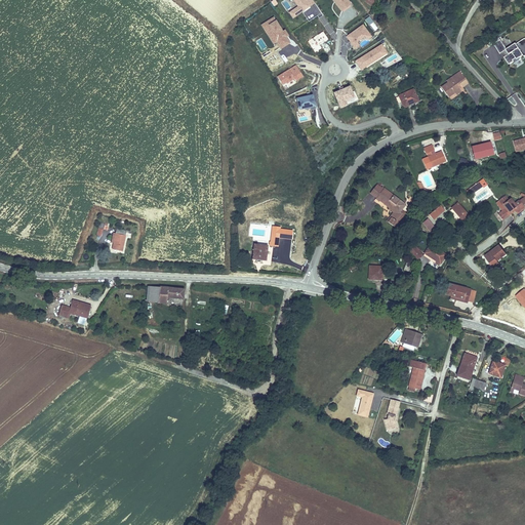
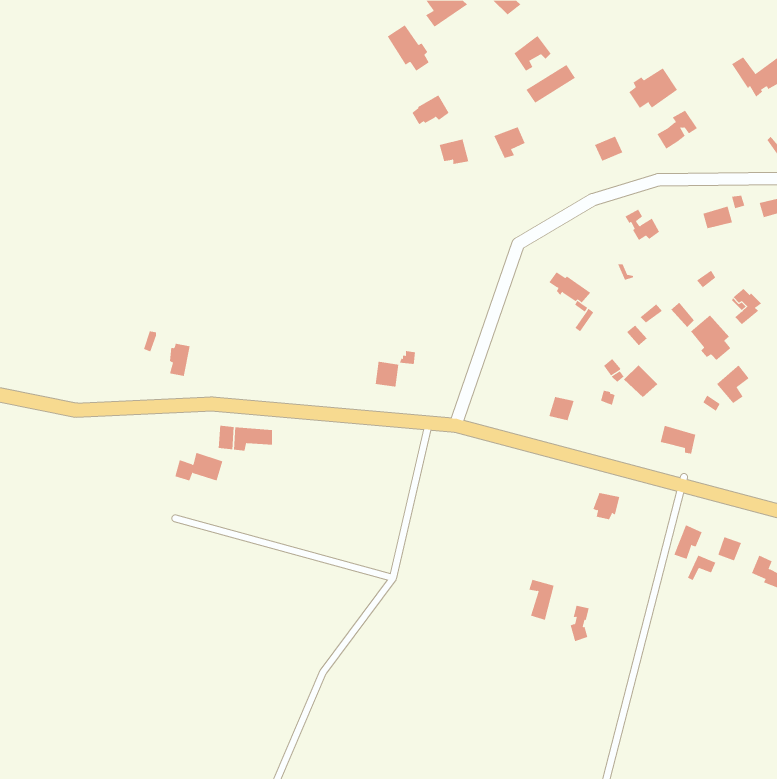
building: none -> [628,68,678,109]
building: none -> [690,314,731,361]
building: [59,299,92,319] -> [175,452,223,481]
building: [406,359,423,392] -> none

